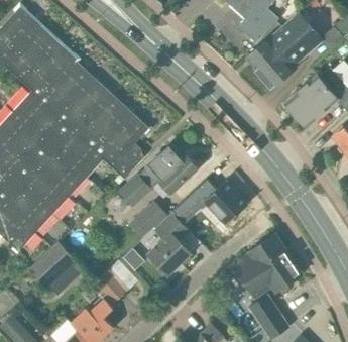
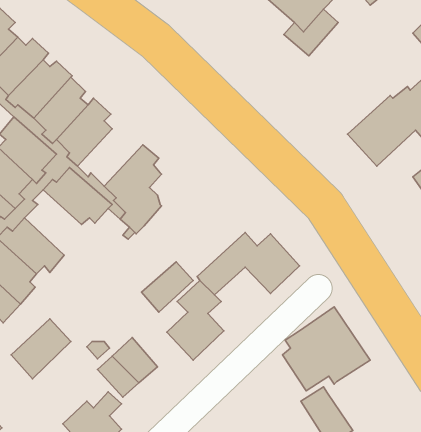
building: [245,13,322,90] -> none
building: [80,99,129,142] -> none
building: [120,144,197,205] -> none
building: [39,145,83,195] -> none

